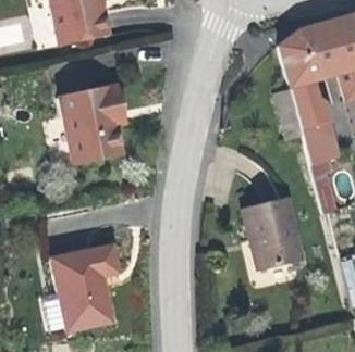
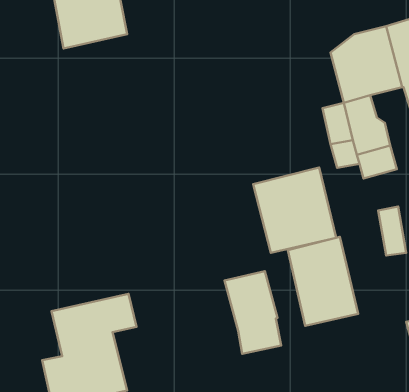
building: [62,86,123,164] -> none
building: none -> [253,168,336,253]
building: none -> [224,271,281,354]

